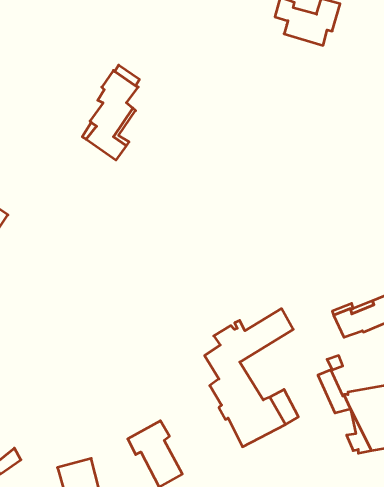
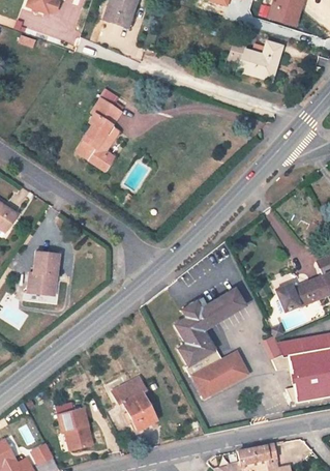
building: none -> [28,251,59,295]

